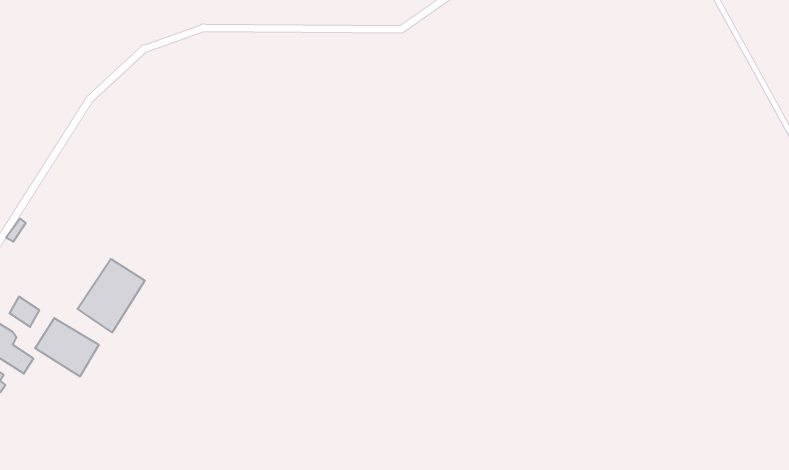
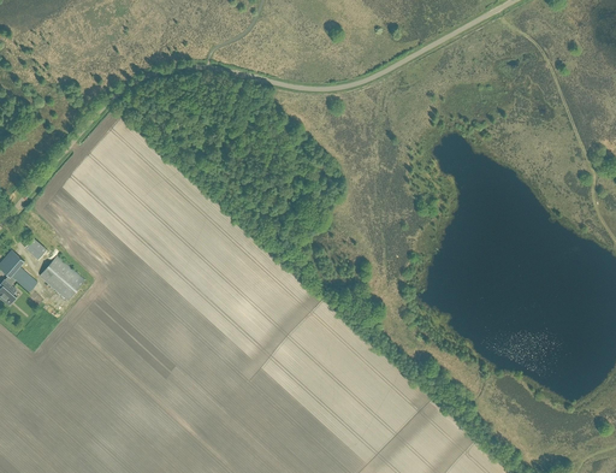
building: [77,259,145,332] -> none

